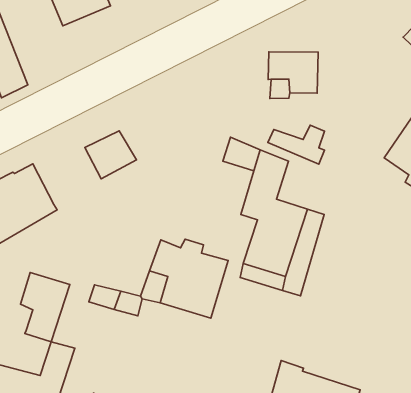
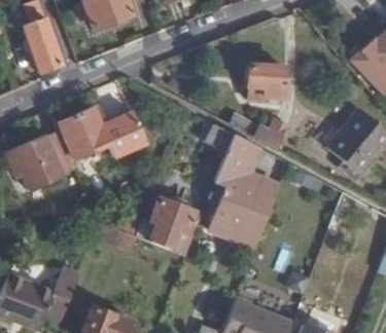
building: none -> [57,108,111,163]
building: [20,272,70,342] -> none

